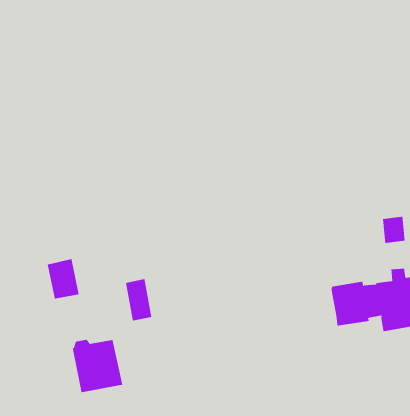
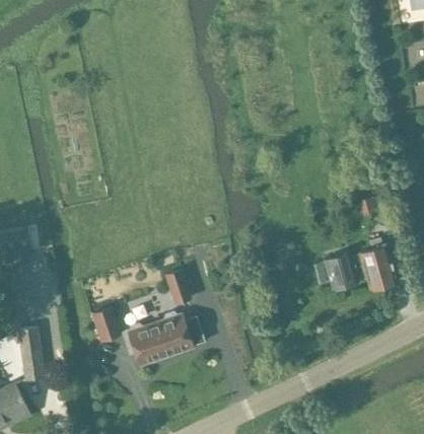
building: [47,259,80,299] -> [89,308,118,342]
building: none -> [159,312,205,356]

